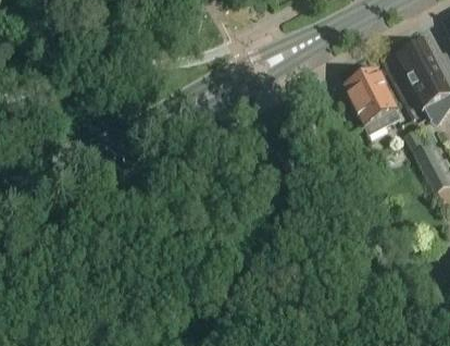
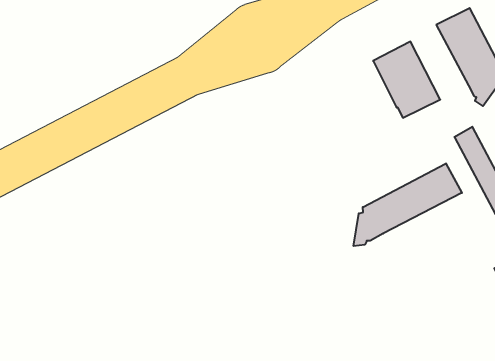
building: none -> [354,163,462,246]

